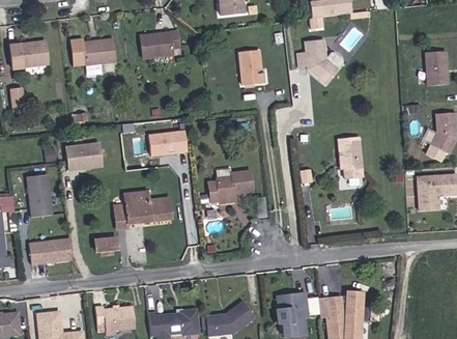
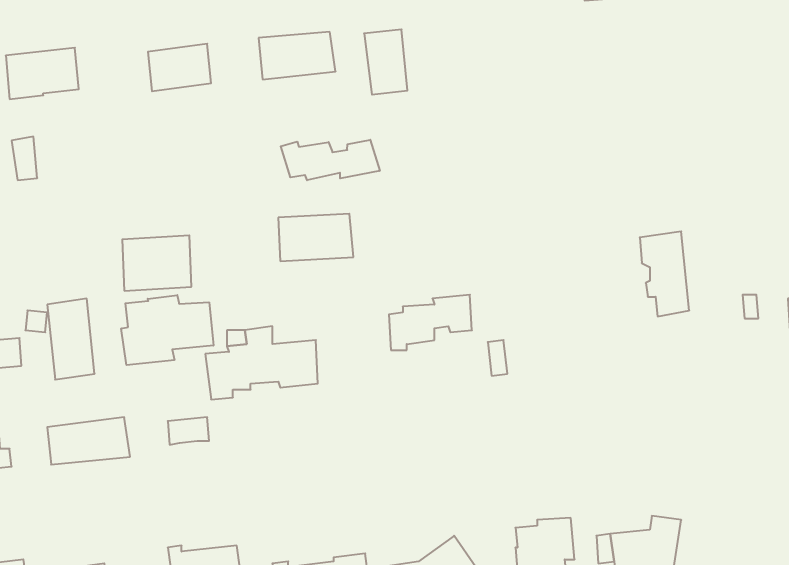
building: [298,40,343,85] -> none
building: [238,53,261,87] -> [364,29,407,95]
building: none -> [281,140,380,180]
building: none -> [121,295,213,365]

